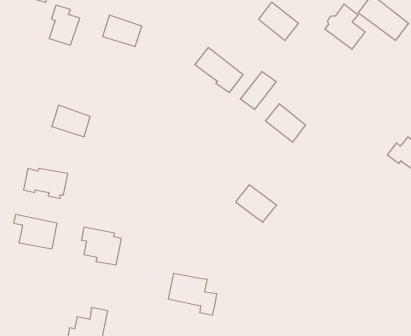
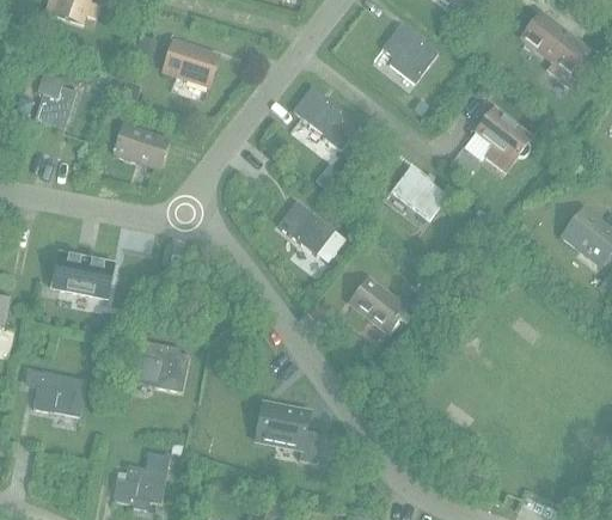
building: [325,4,365,49] -> [475,97,531,160]
building: [49,5,80,45] -> [33,72,76,128]
building: [240,71,276,109] -> none
building: [52,105,90,137] -> [114,124,167,169]
building: none -> [277,201,333,253]
building: [14,215,57,249] -> [25,368,86,416]

